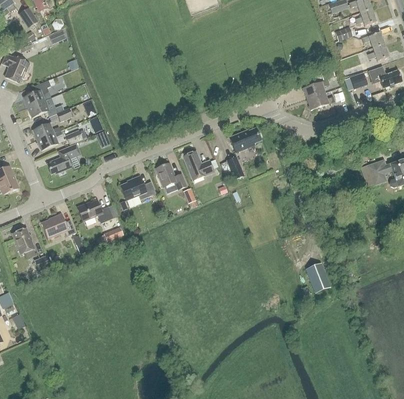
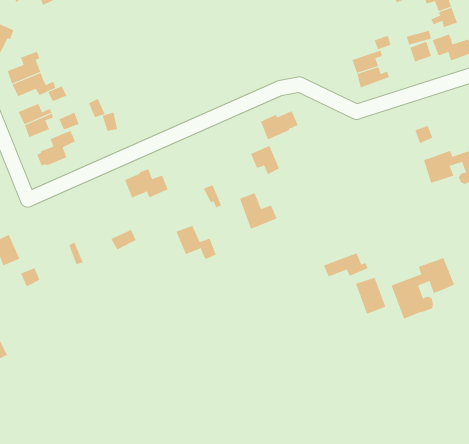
building: [182,149,213,179] -> [239,192,278,229]
building: [154,161,187,189] -> [176,225,216,260]
building: [78,199,114,221] -> none
building: [42,212,76,237] -> none
building: none -> [323,253,368,277]
building: none -> [391,257,455,319]

